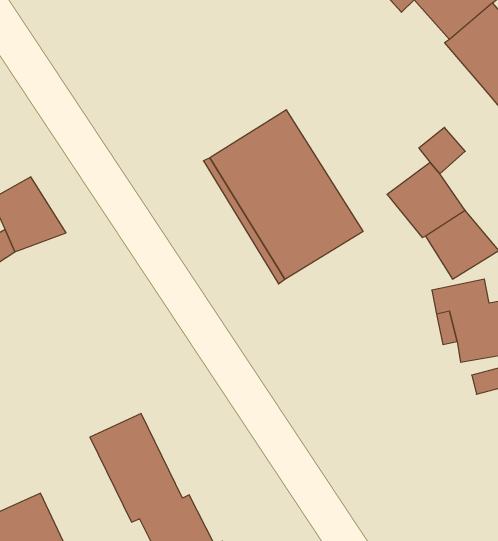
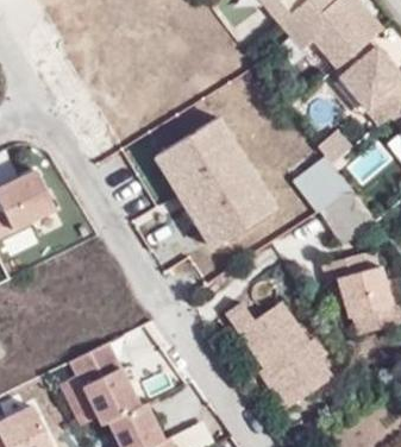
building: none -> [228,306,332,407]

